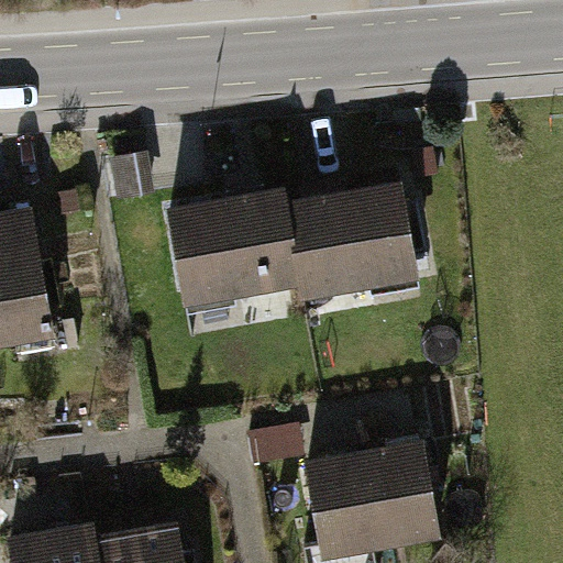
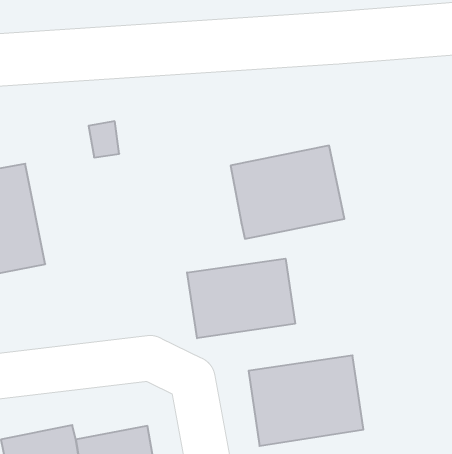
building: [155,191,294,306] -> none
building: none -> [187,259,295,338]

